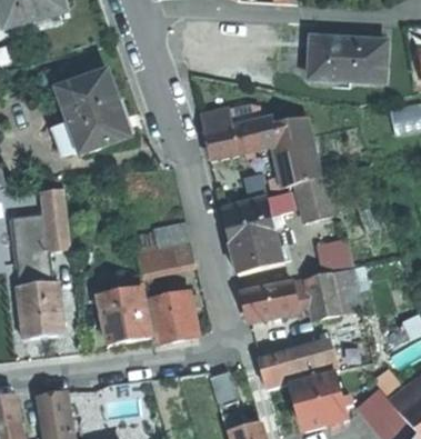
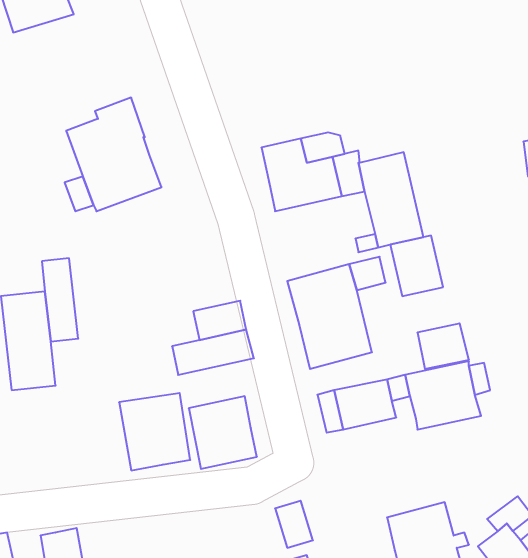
building: [310,33,385,79] -> none
building: [16,283,62,339] -> none
building: [259,342,339,388] -> none

